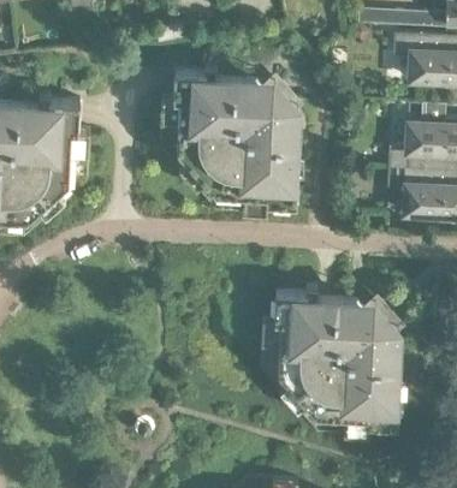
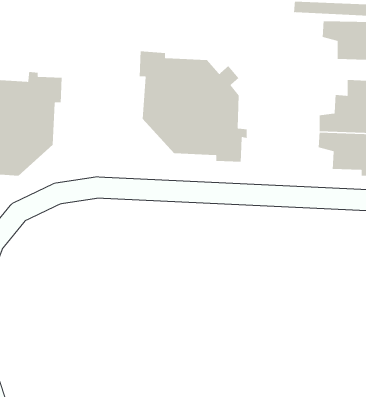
building: [274,285,399,424] -> none

